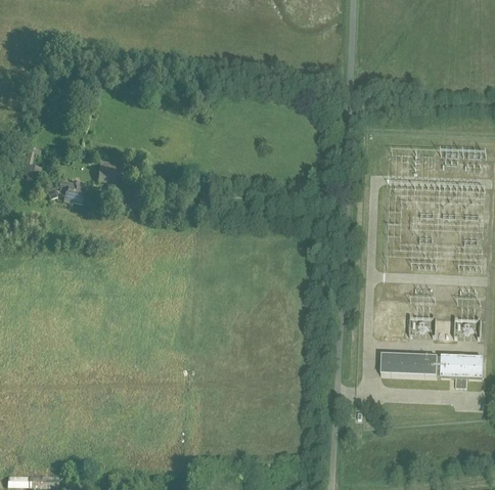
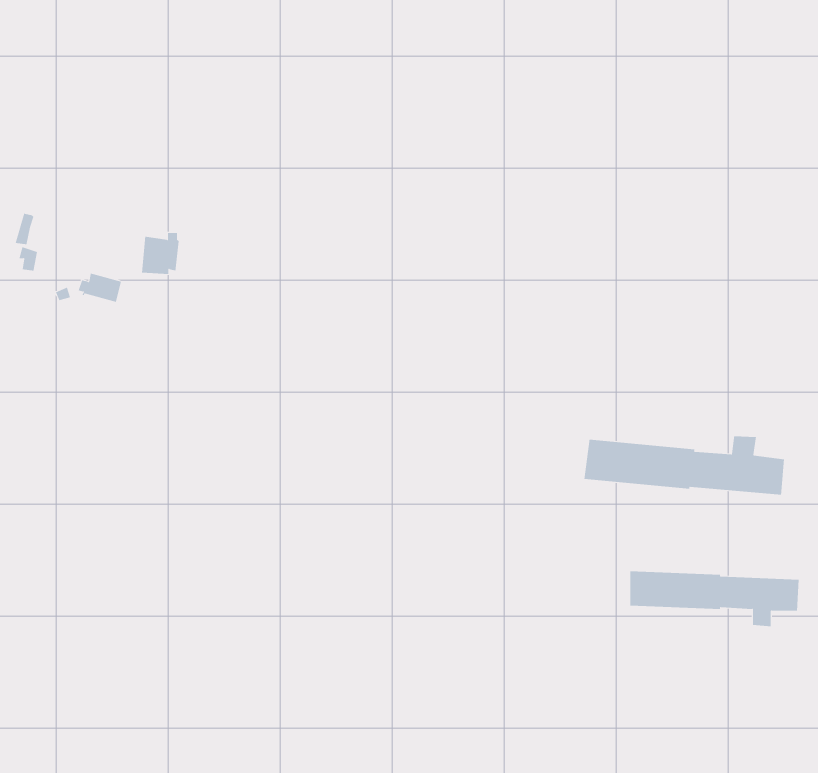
building: none -> [584,436,784,496]

